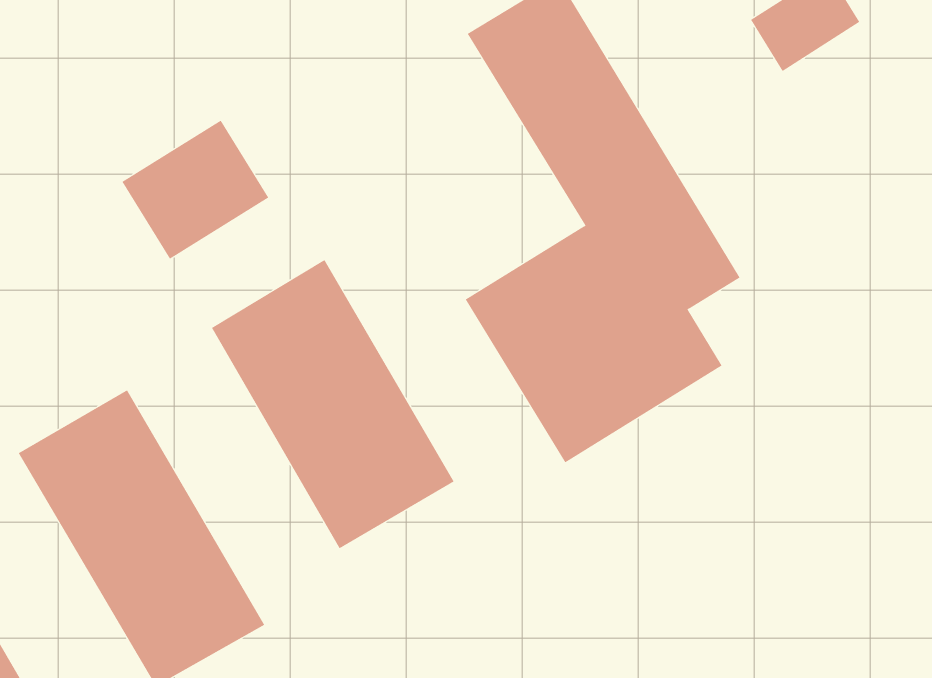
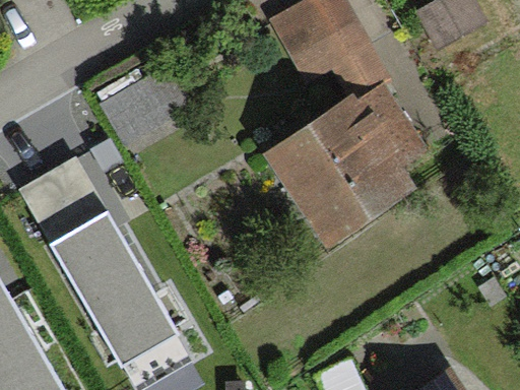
building: [211,259,455,549] -> none

